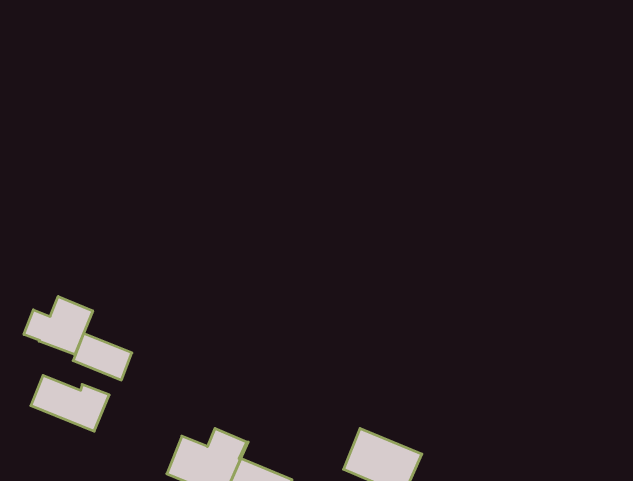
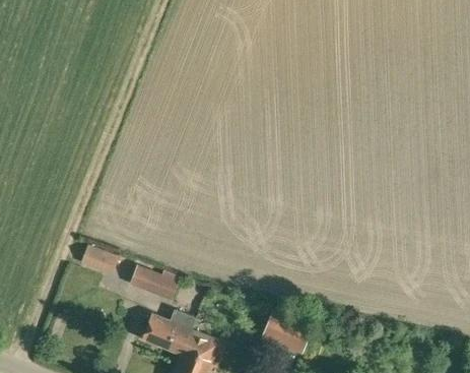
building: [24,296,93,355] -> none
building: [31,375,109,431] -> [128,264,181,302]

